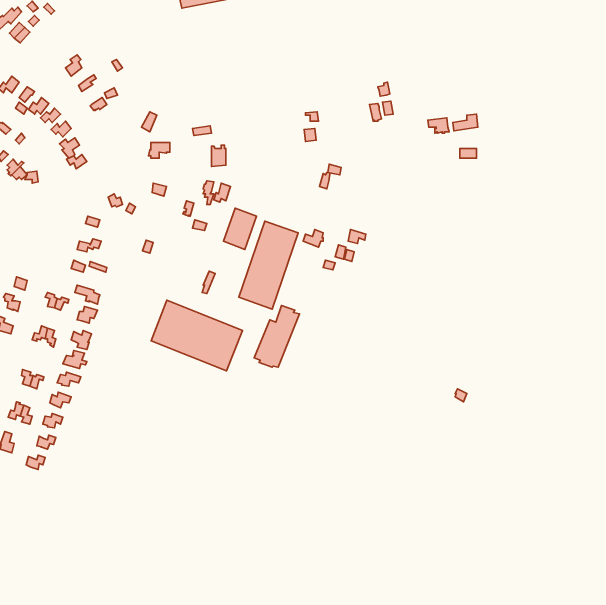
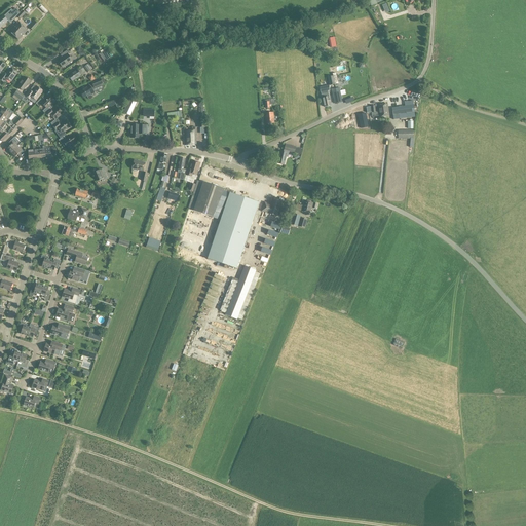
building: [151,300,242,371] -> none

